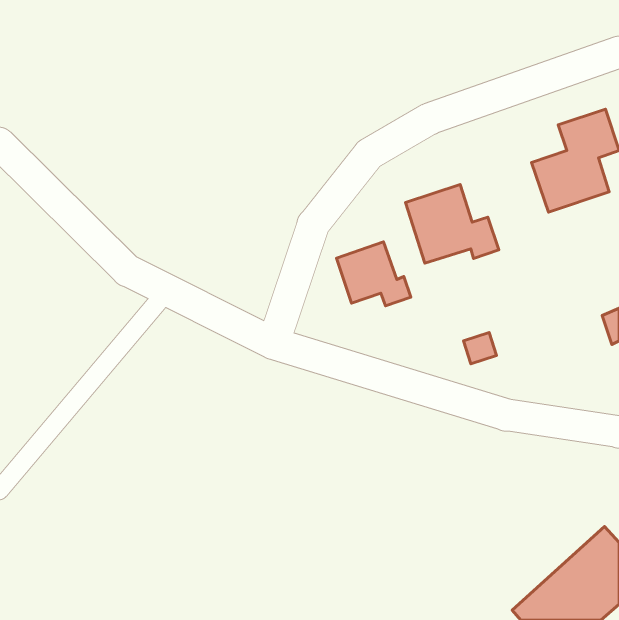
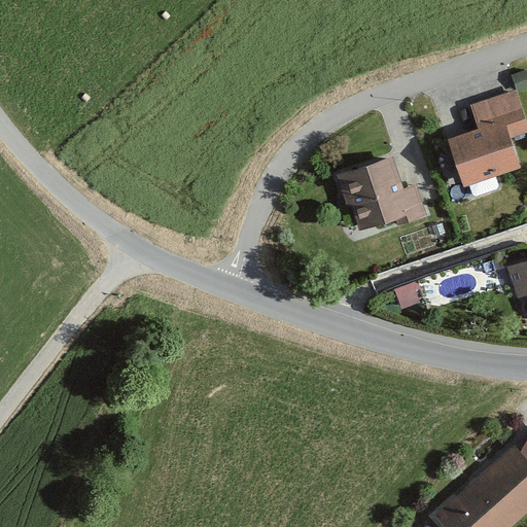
building: [337,242,411,306] -> none

